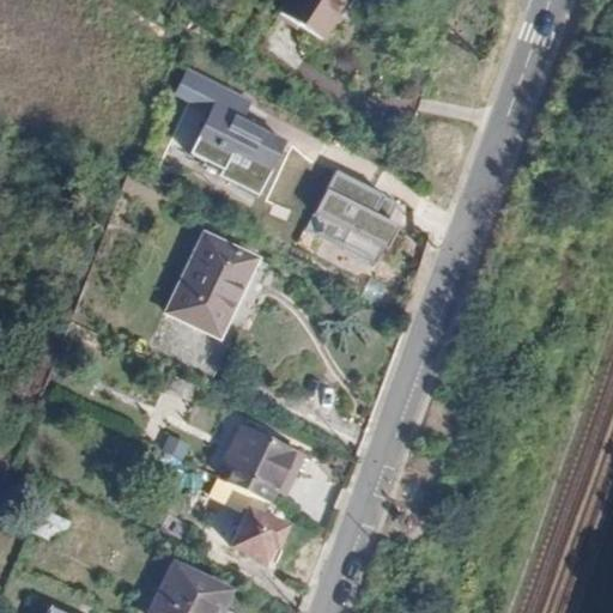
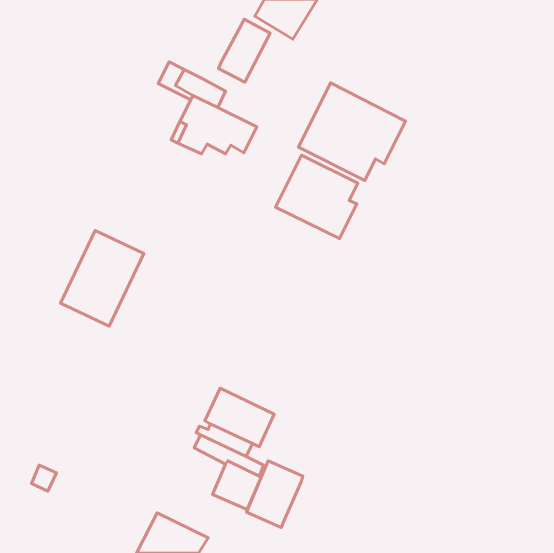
building: none -> [219,19,270,82]
building: none -> [298,83,405,180]
building: [166,231,259,336] -> [60,231,144,326]
building: none -> [246,461,303,528]

